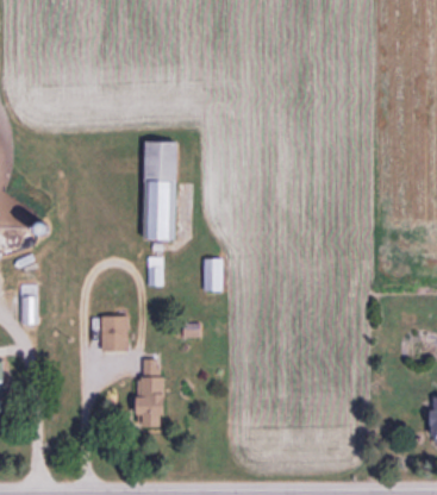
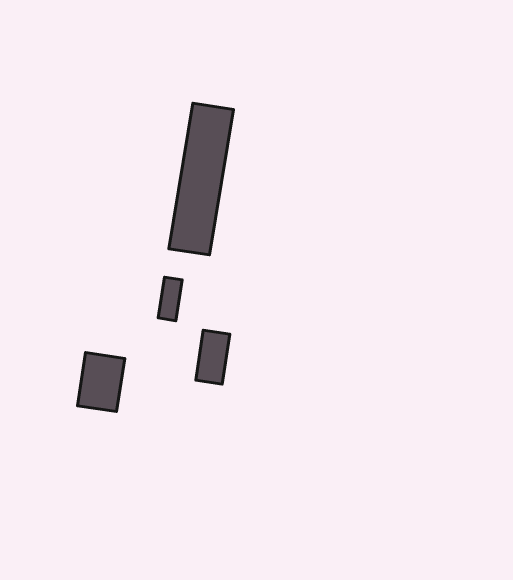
building: [202,257,220,290] -> [196,330,230,384]
building: [132,375,160,419] -> none

